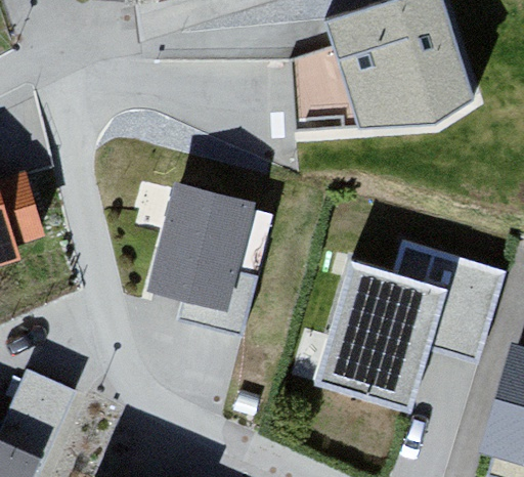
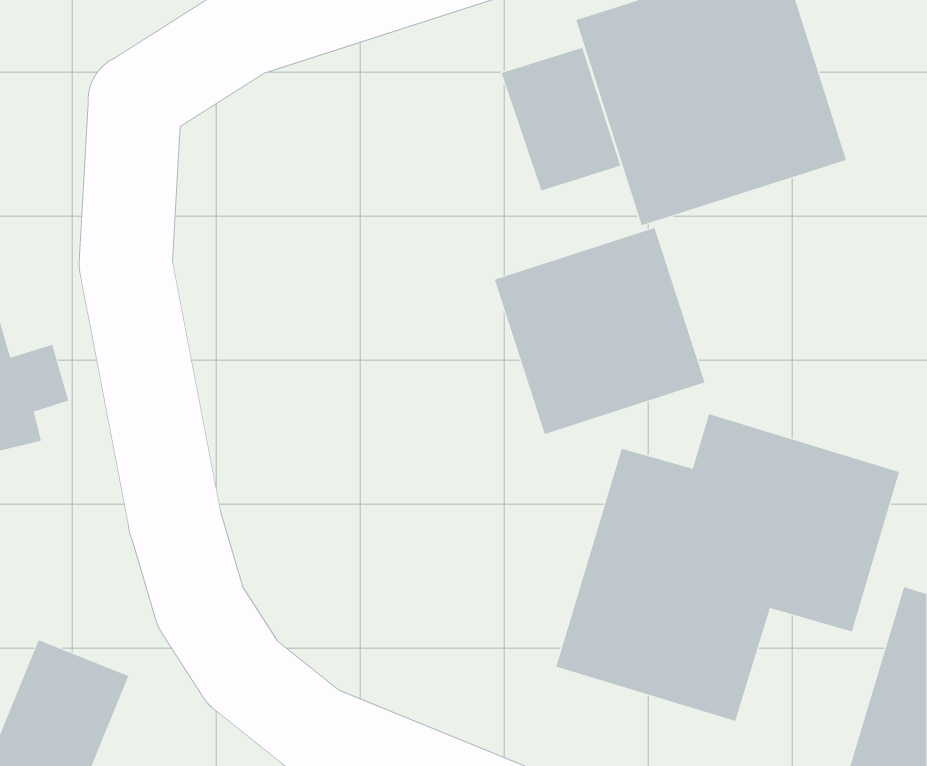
building: none -> [494,227,705,435]
building: [156,187,264,313] -> none

